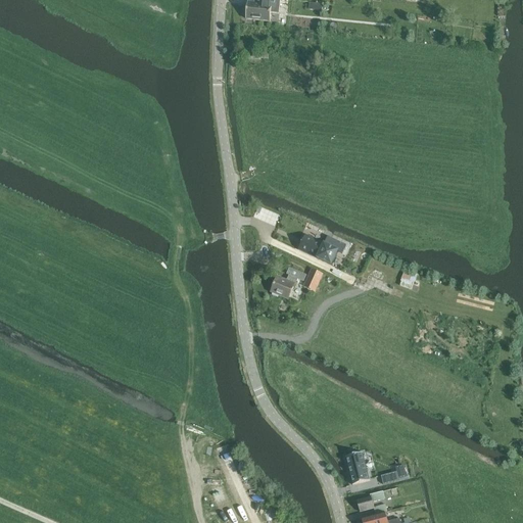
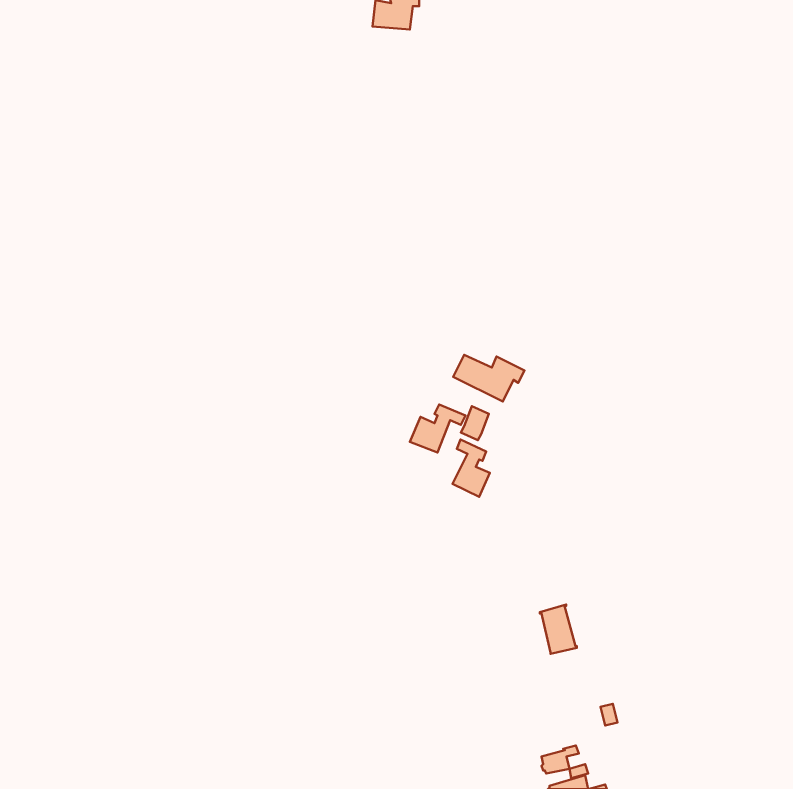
building: none -> [452,440,490,497]
building: [345,450,370,483] -> [540,604,577,654]

